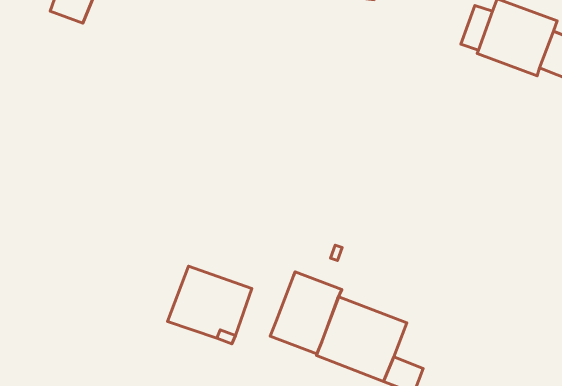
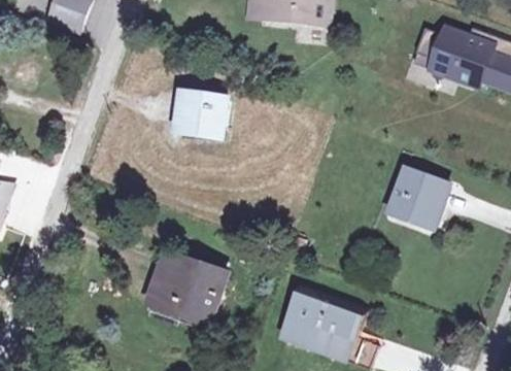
building: none -> [176,96,228,136]
building: none -> [394,172,440,220]
building: [270,272,342,354] -> none

